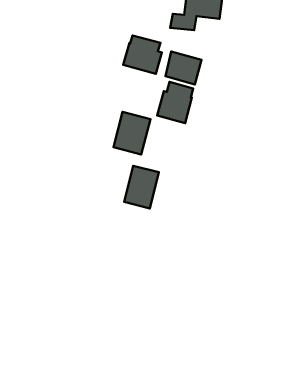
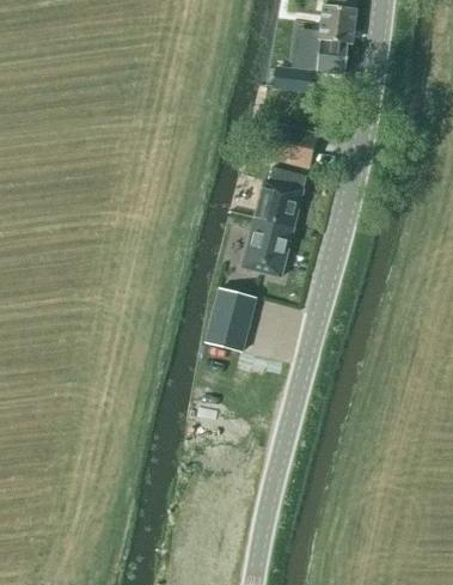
building: [123,35,162,74] -> none
building: [113,112,150,155] -> [240,214,294,276]

